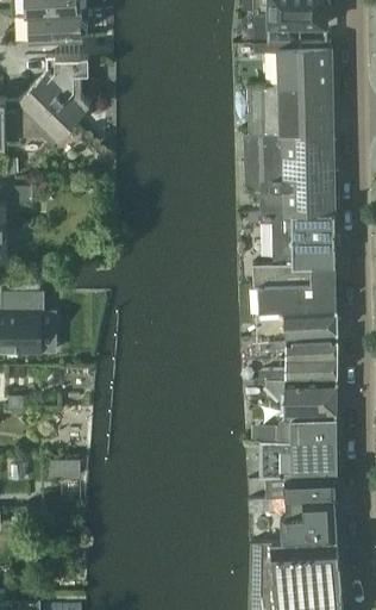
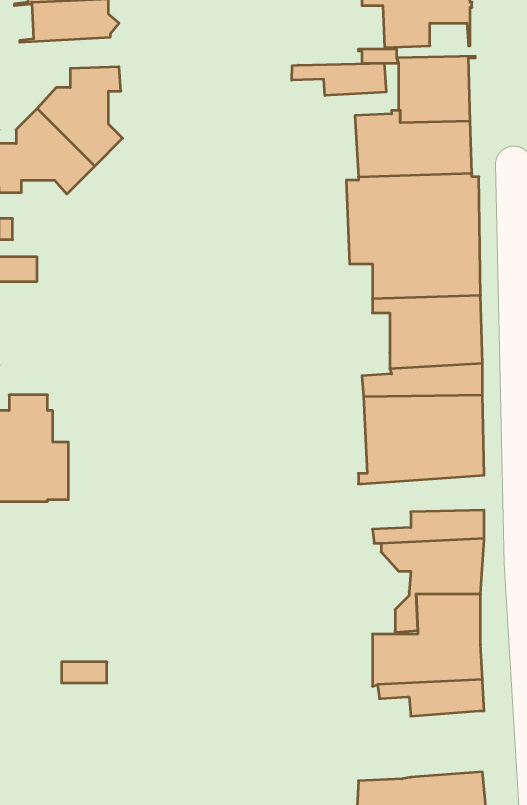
building: none -> [292,63,386,96]
building: [255,335,338,360] -> none
building: [281,496,337,542] -> none

